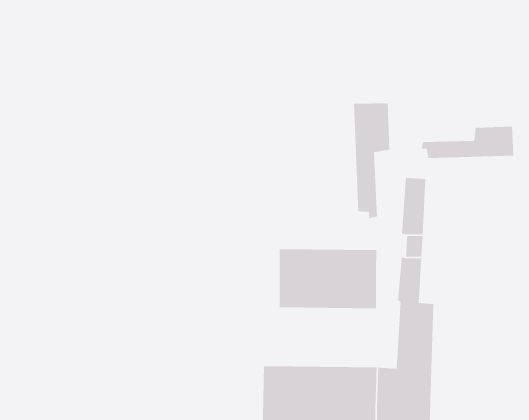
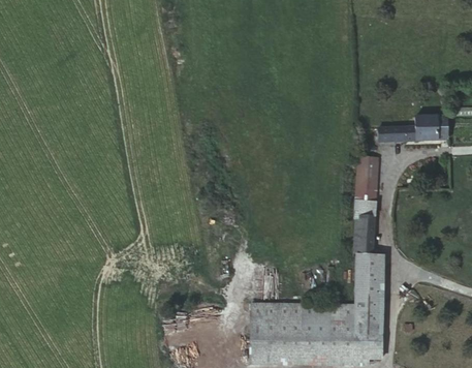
building: [353,102,390,219] -> none
building: [279,248,377,309] -> none

